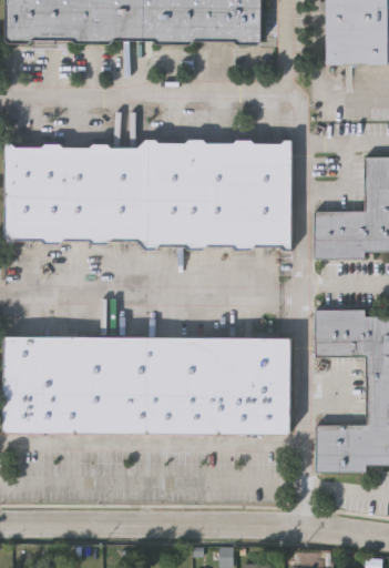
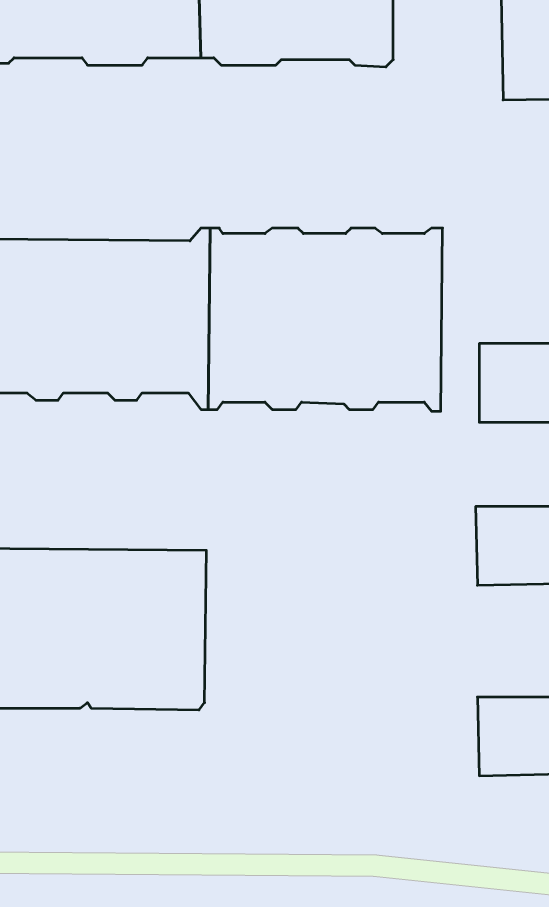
building: [147,335,293,433] -> none

